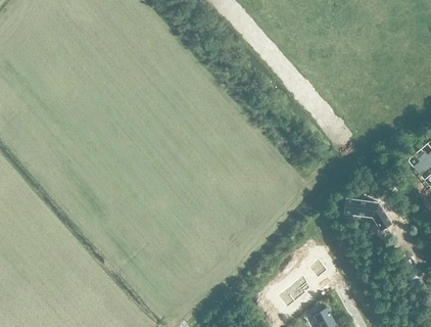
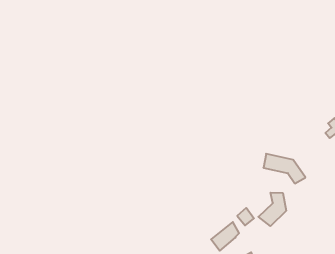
building: none -> [258,193,286,226]

